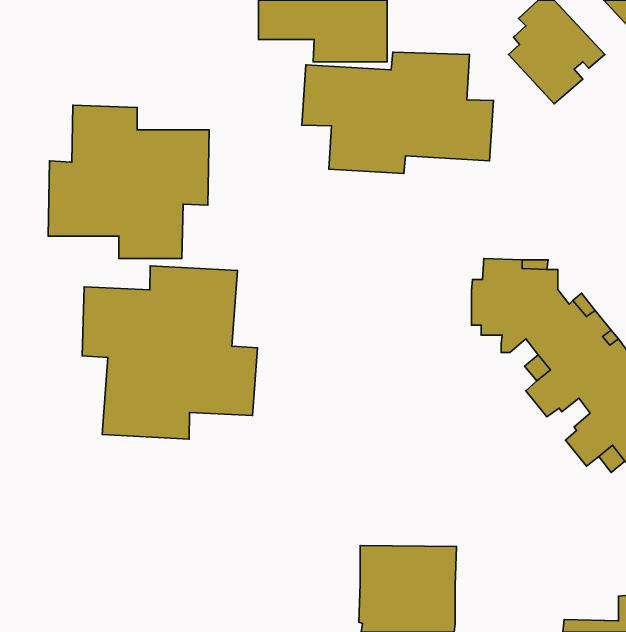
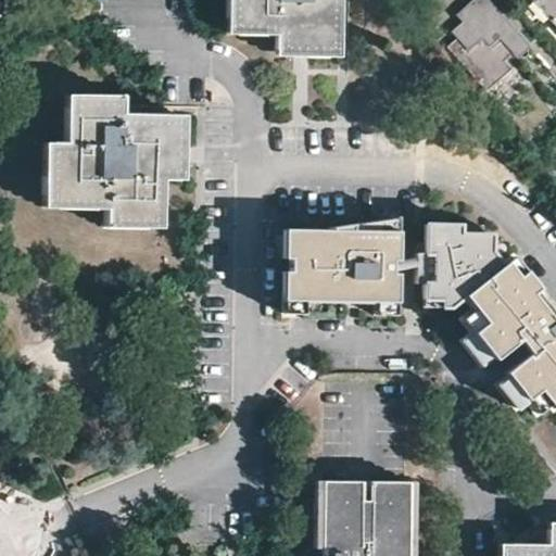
building: [302,52,493,174] -> none
building: none -> [286,219,402,317]
building: [82,266,257,439] -> none

